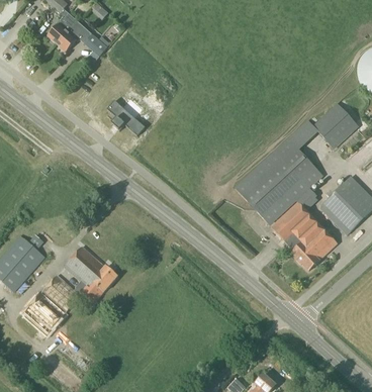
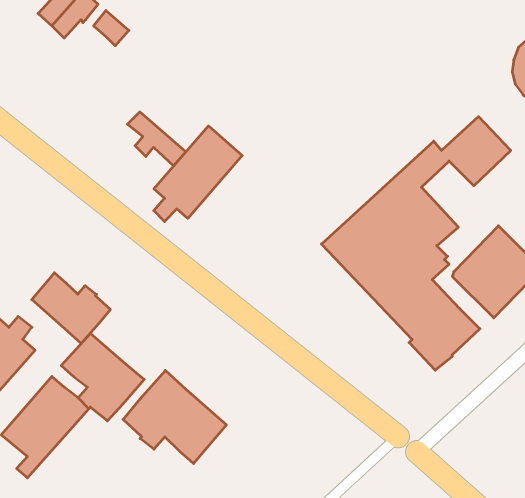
building: none -> [154,126,242,222]
building: none -> [32,273,110,344]
building: none -> [123,370,226,464]

